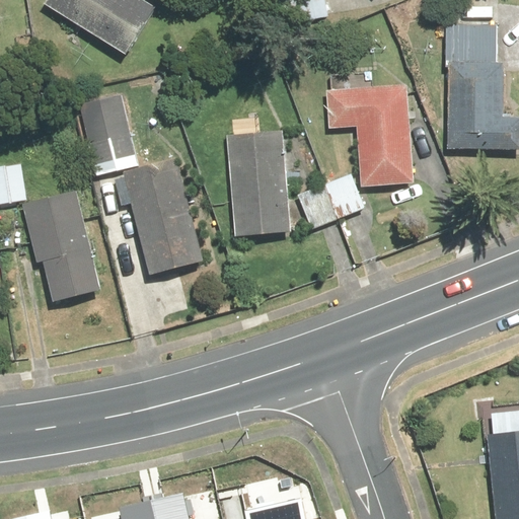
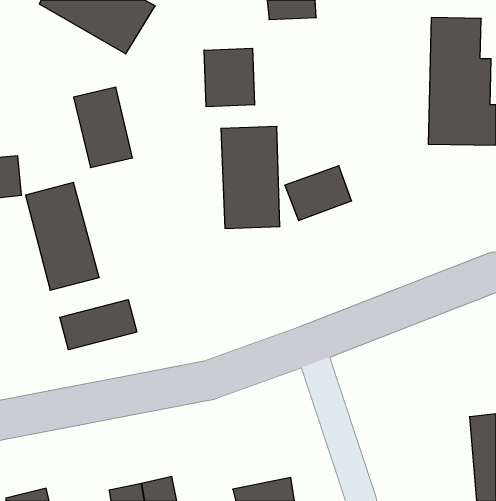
building: none -> [204,48,255,107]
building: [324,83,413,187] -> none
building: [112,163,207,276] -> none
building: none -> [60,300,137,350]

